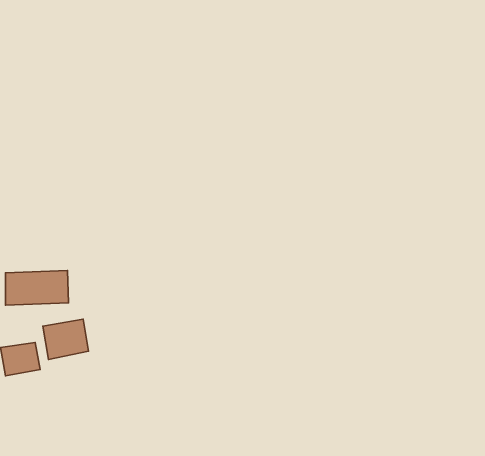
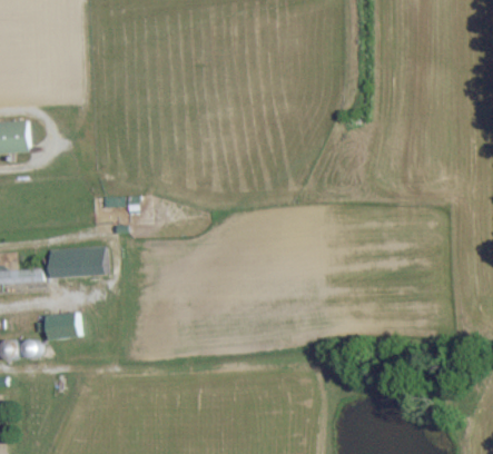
building: [43,319,89,359] -> none

